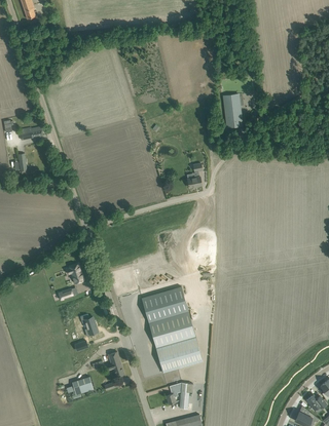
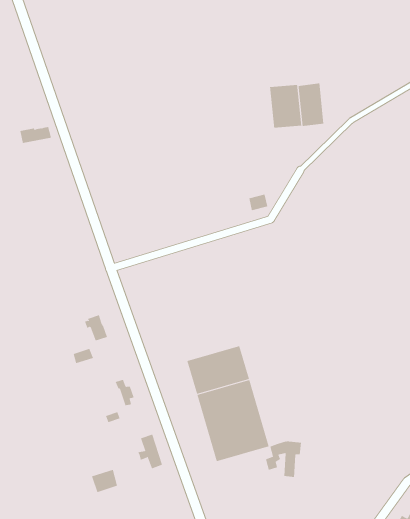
building: none -> [269,84,302,128]
building: [166,382,192,409] -> [265,441,302,477]

